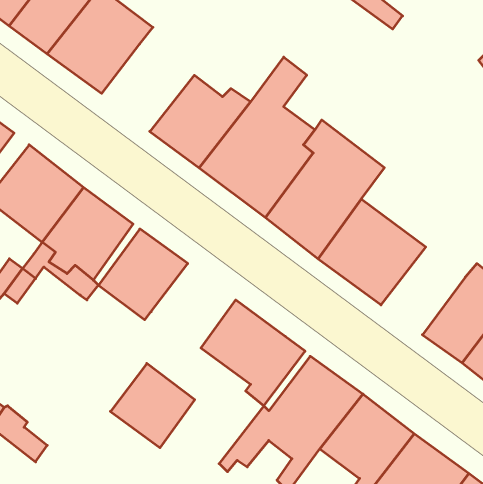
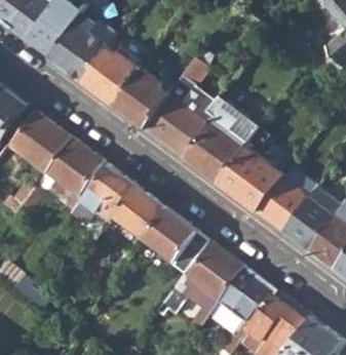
building: none -> [83,50,141,105]
building: none -> [257,176,309,231]
building: [110,363,195,448] -> [114,187,166,239]

